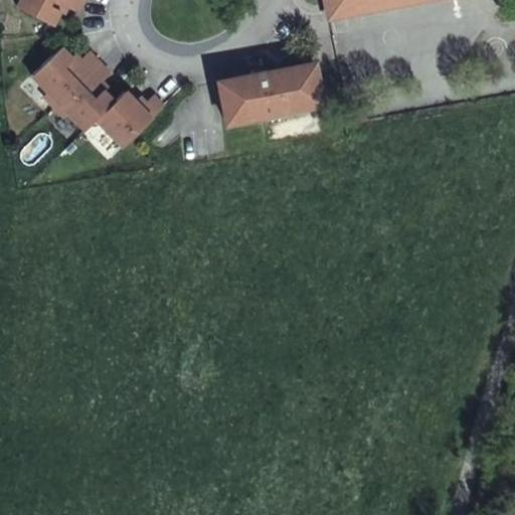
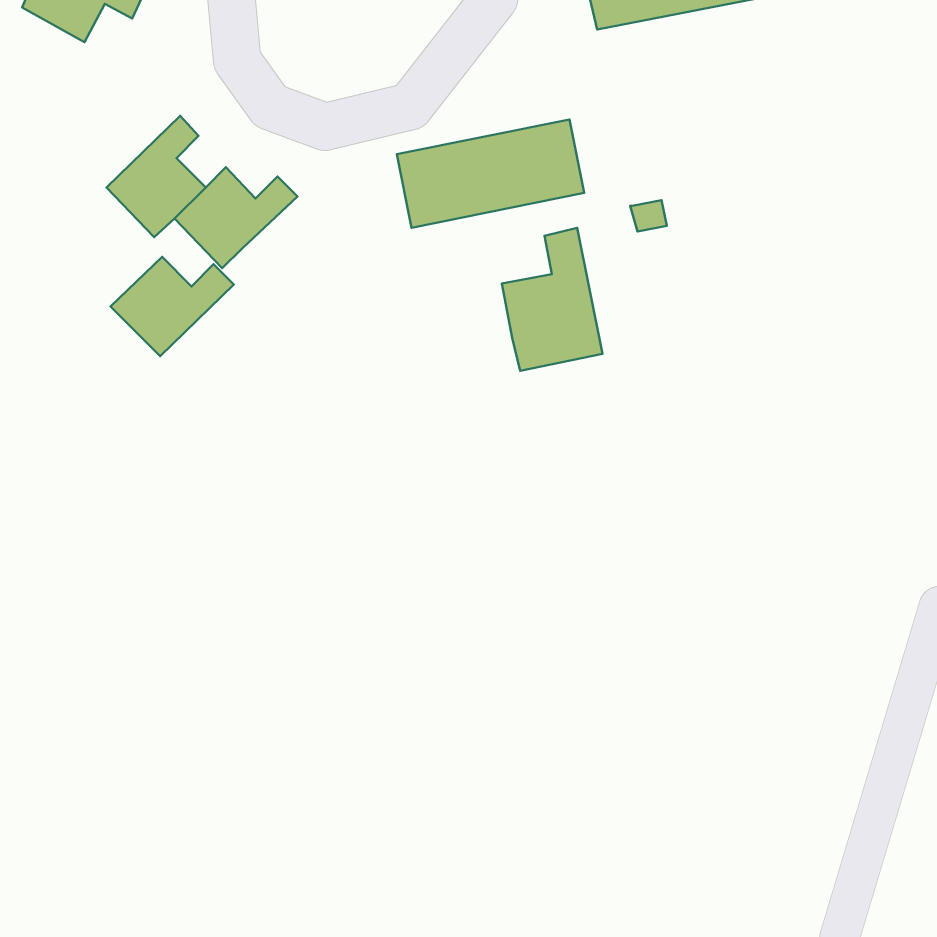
building: [32,48,100,103] -> [111,257,234,356]
building: none -> [502,228,603,371]

